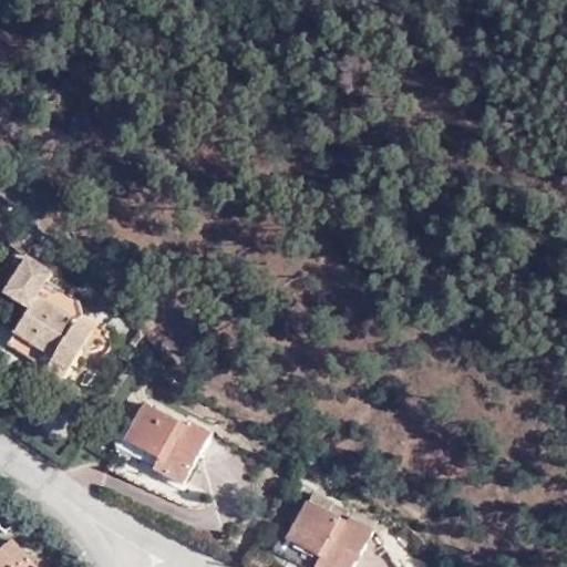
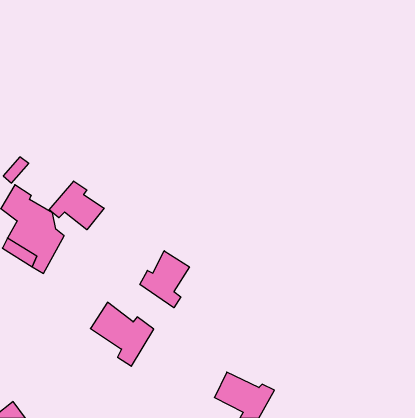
building: none -> [49,181,104,230]
building: none -> [140,251,189,308]

